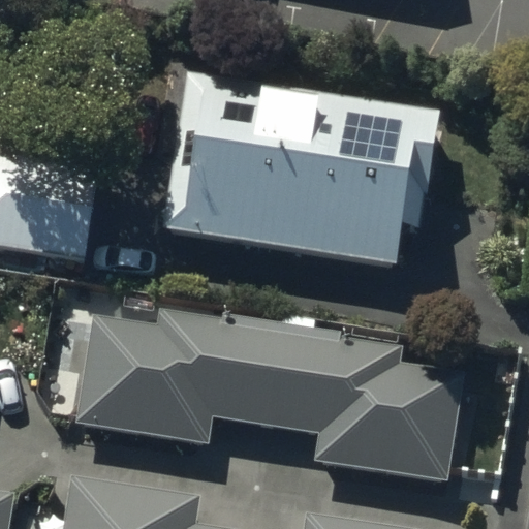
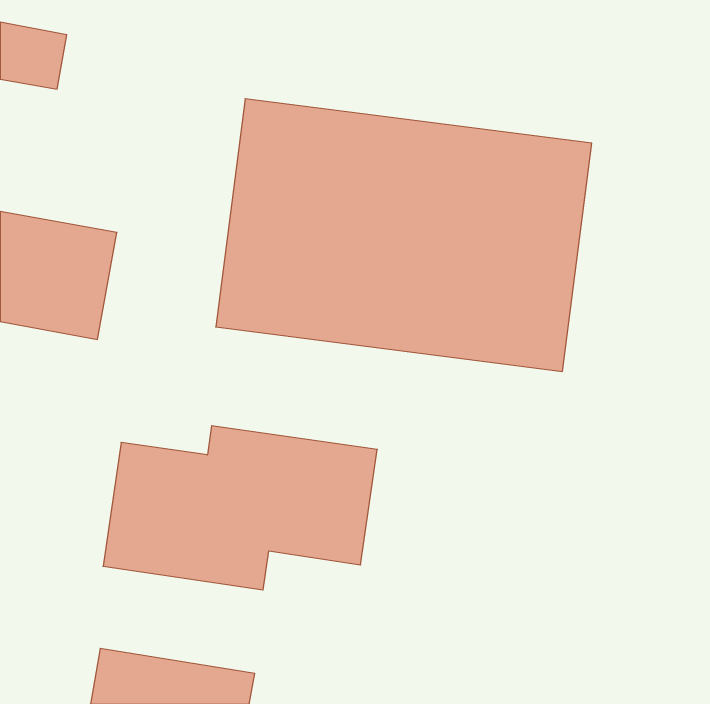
building: [269,334,450,474] -> none

